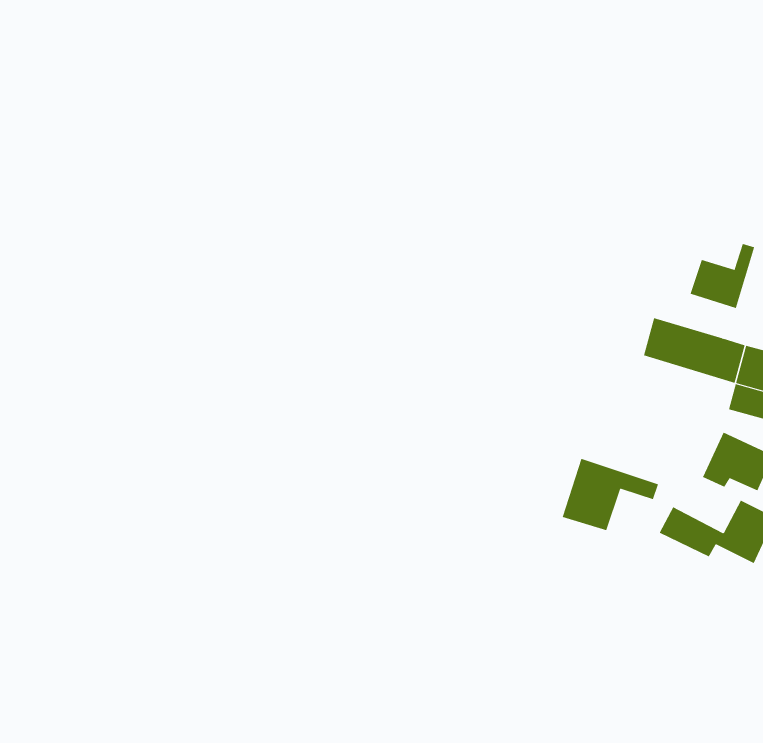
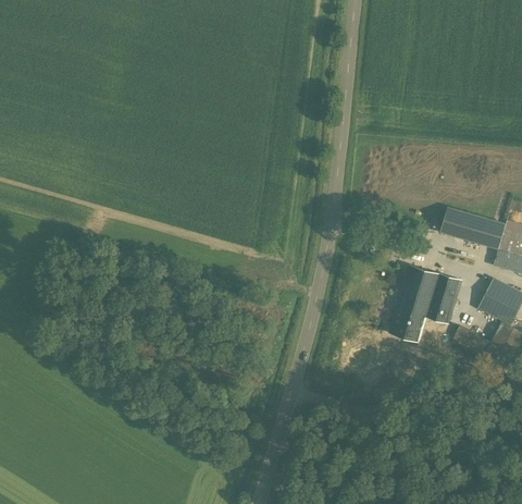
building: [690,243,755,309] -> none
building: none -> [403,267,462,312]

